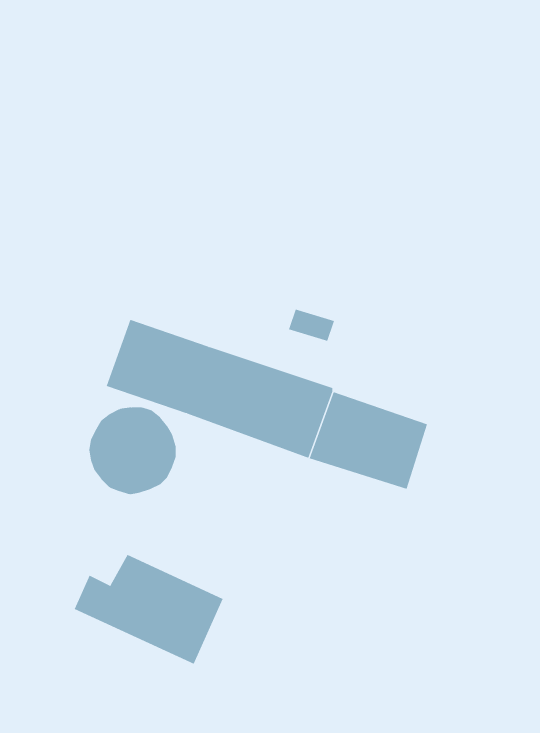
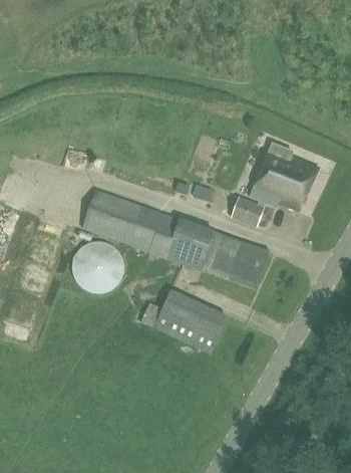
building: none -> [231,144,317,226]
building: [74,554,223,664] -> [140,290,228,354]

